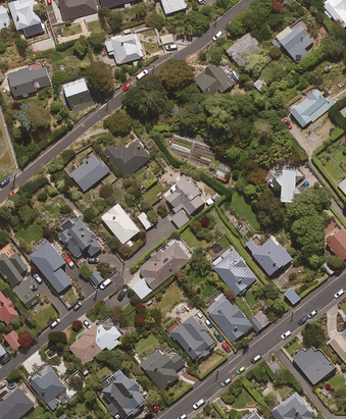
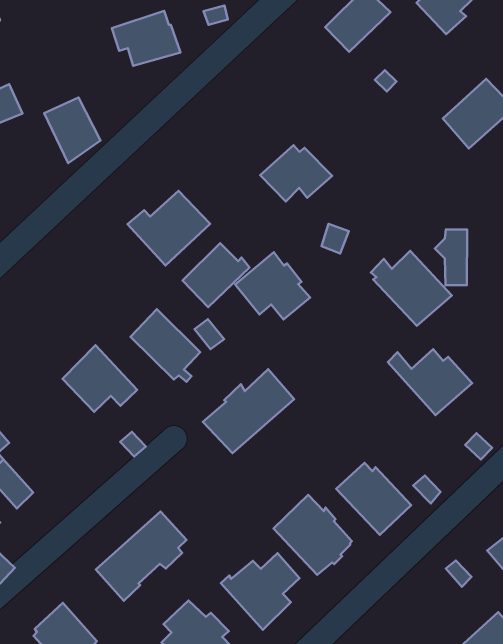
building: [193,64,234,96] -> [260,145,332,202]
building: [69,155,108,191] -> [182,243,249,307]
building: [30,242,71,293] -> none
building: [211,252,256,295] -> [371,251,452,326]

